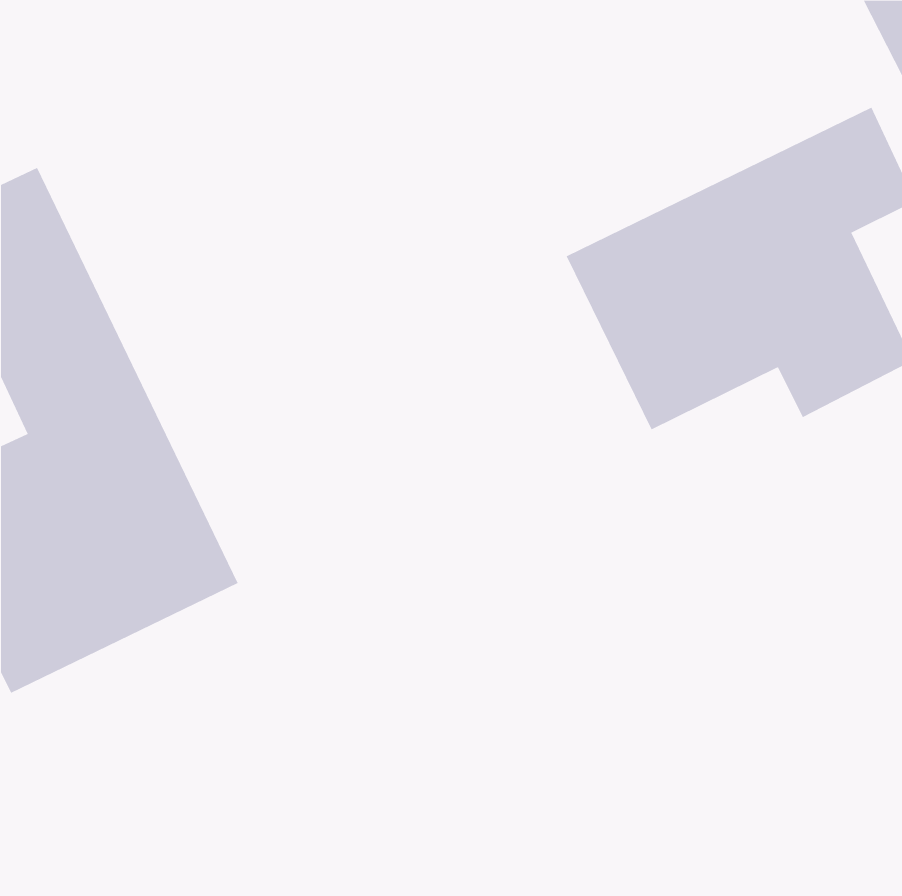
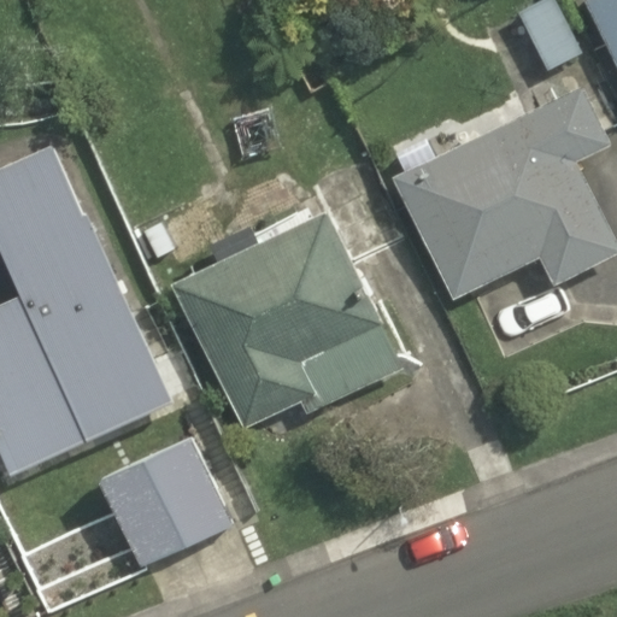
building: none -> [180,213,371,422]
building: none -> [88,423,246,574]

